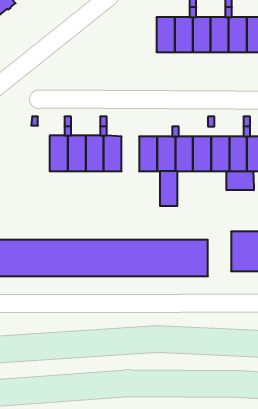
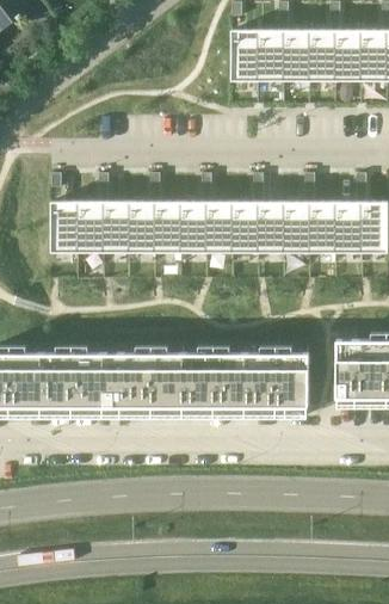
building: none -> [51,202,78,253]
building: [160,171,177,206] -> [181,203,206,253]
building: [227,171,254,190] -> none

